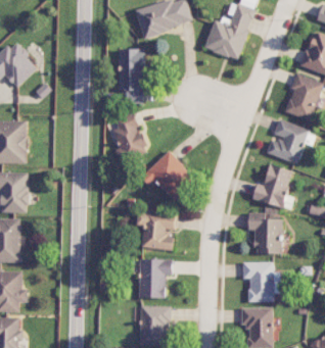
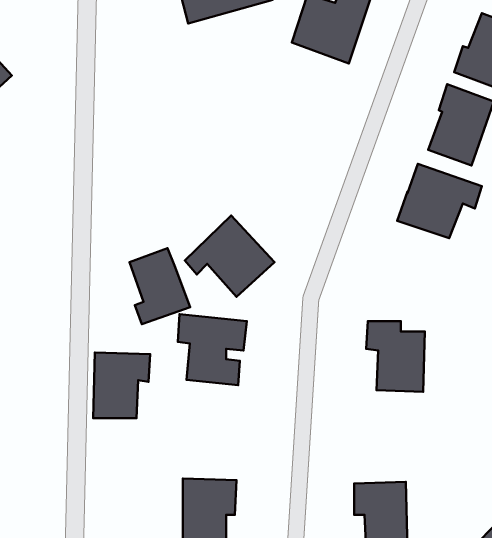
building: [118,49,144,104] -> none
building: [111,116,147,161] -> [130,248,190,324]
building: [251,165,292,208] -> none
building: [138,259,172,298] -> [93,352,150,418]
building: [242,262,279,303] -> none

